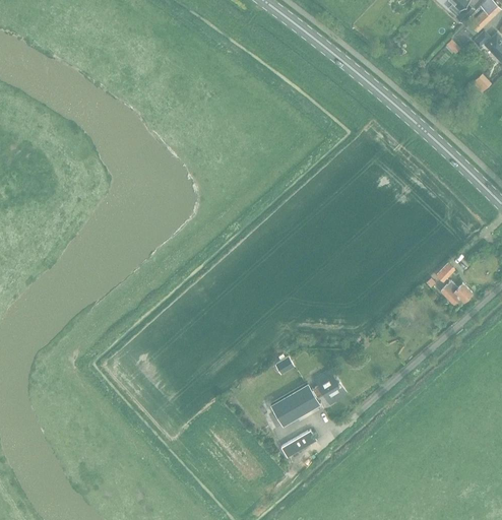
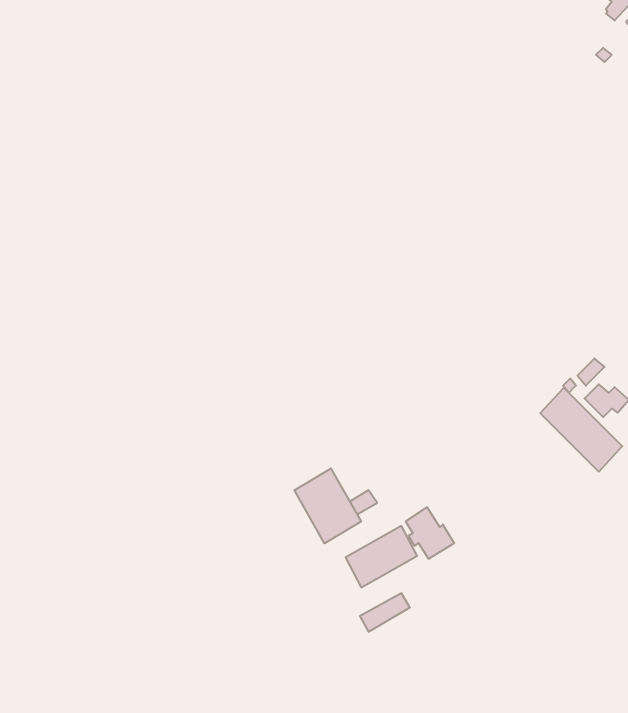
building: none -> [540,388,622,472]
building: none -> [294,468,361,543]

